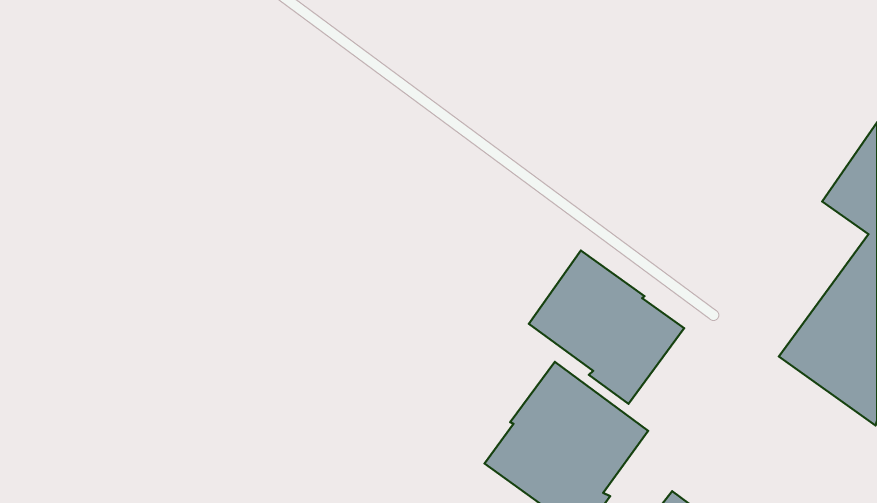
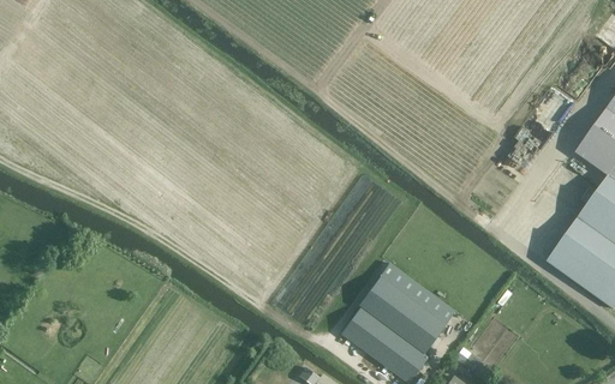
building: [529,250,684,404] -> none

